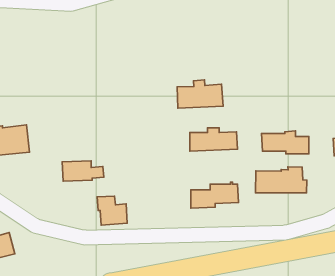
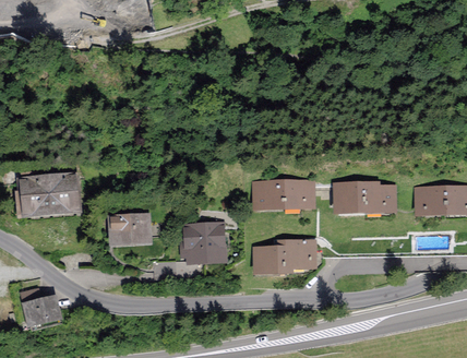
building: [177,80,223,108] -> none
building: [256,167,307,193] -> none
building: [97,196,127,225] -> [188,227,221,260]

